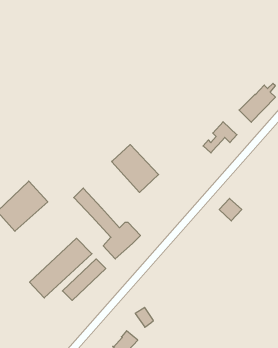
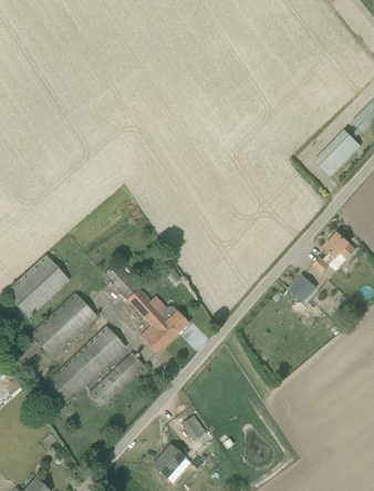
building: [203,122,237,153] -> [312,233,355,273]
building: [112,145,159,192] -> none
building: none -> [30,293,97,358]

